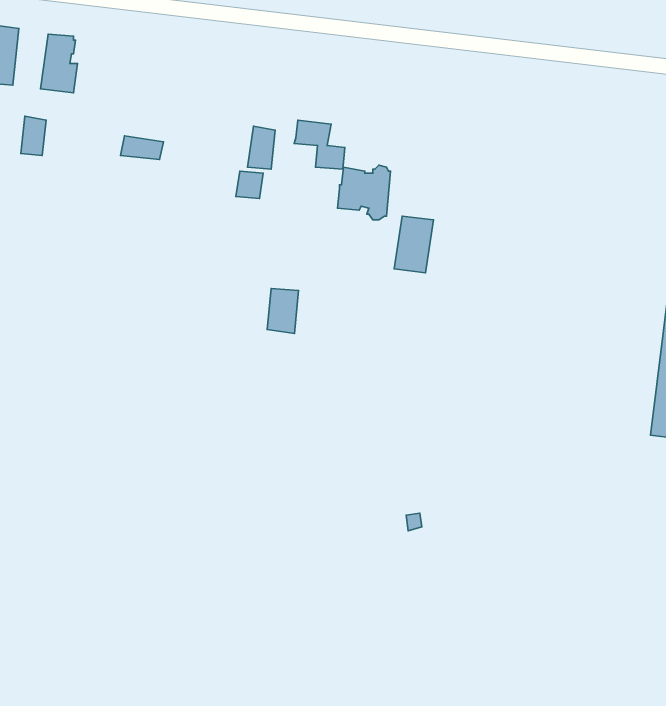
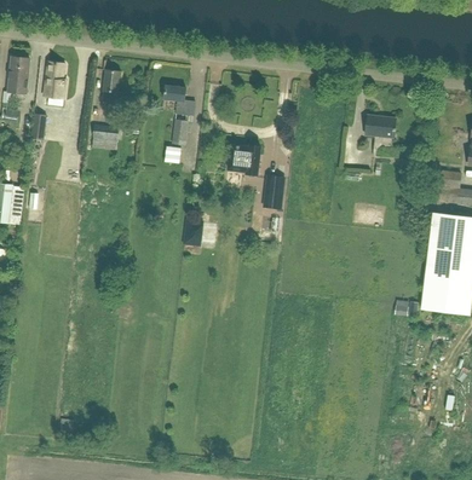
building: none -> [100,69,122,103]
building: [294,120,345,169] -> [162,85,194,115]
building: none -> [364,115,395,138]

